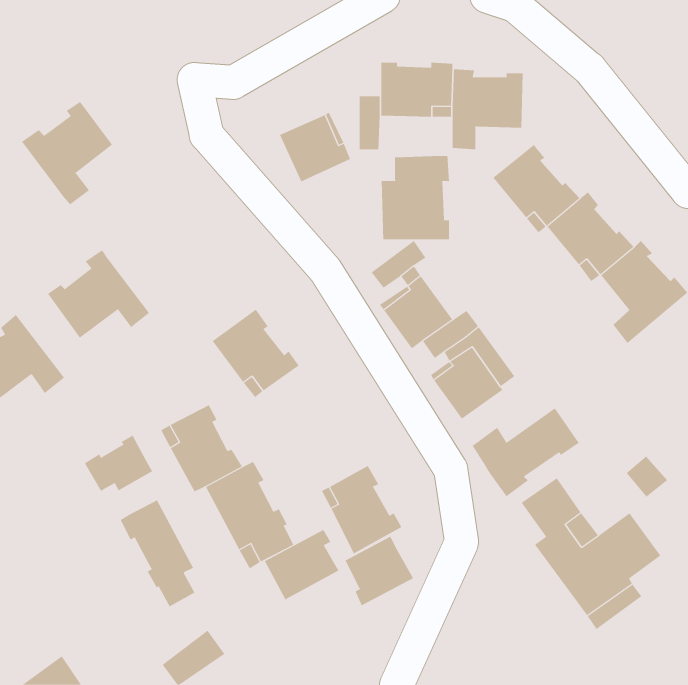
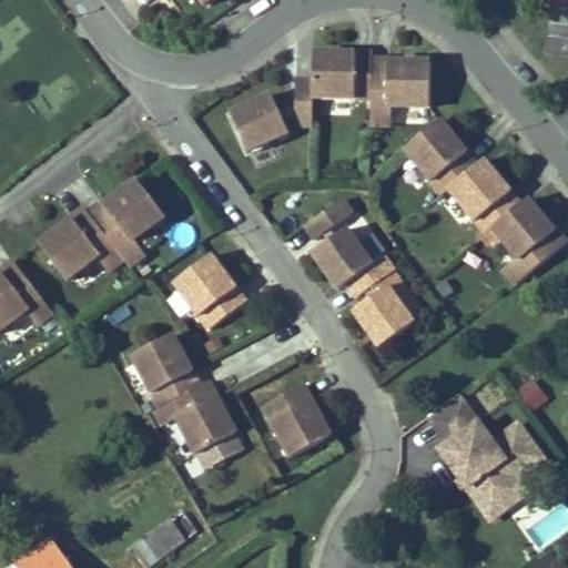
building: [21,101,113,205] -> [89,179,164,264]
building: [381,155,449,240] -> none
building: [472,408,580,497] -> none
building: [84,435,153,491] -> none
building: [120,499,195,607] -> none
building: [264,529,339,600] -> none
building: [345,536,414,606] -> none

